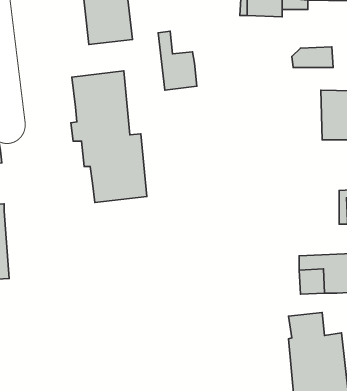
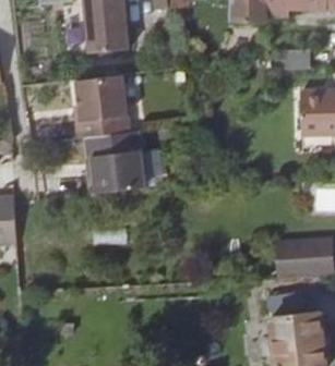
building: [158,31,197,90] -> none

